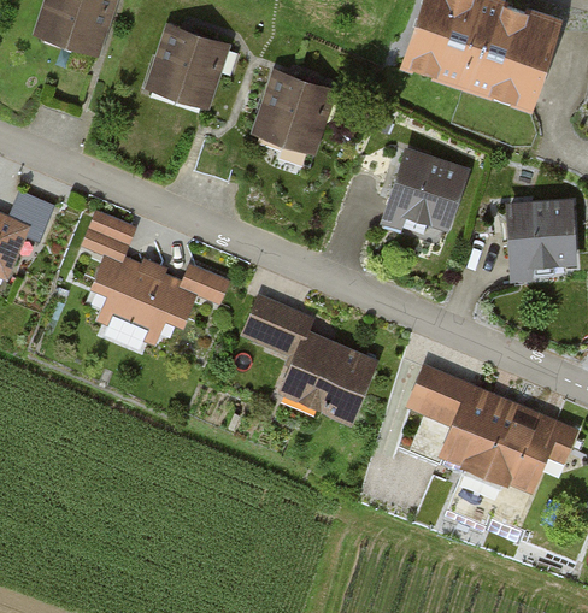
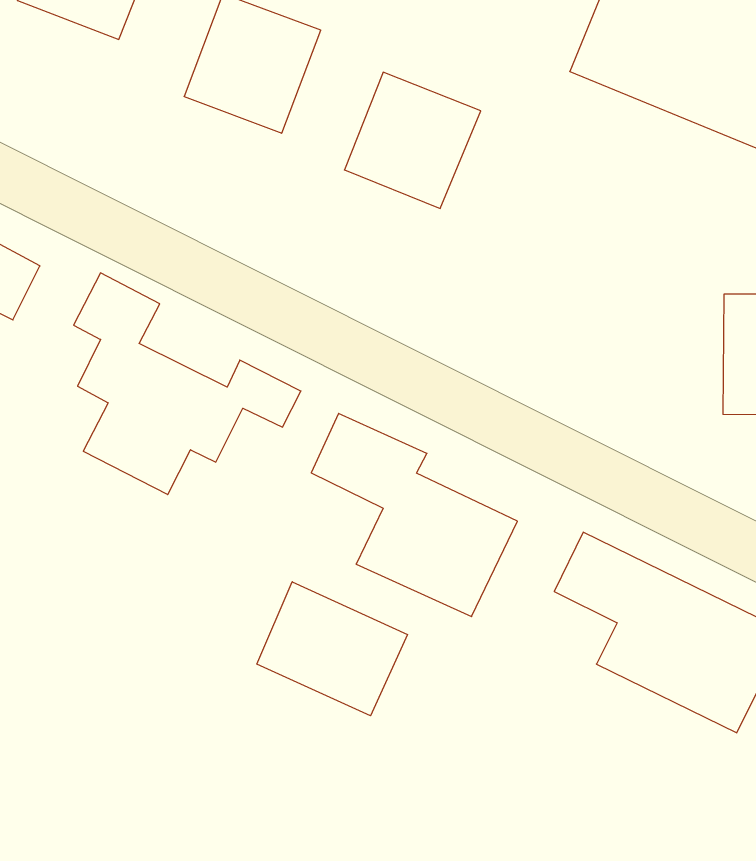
building: [380,146,470,246] -> none
building: none -> [257,582,408,716]

